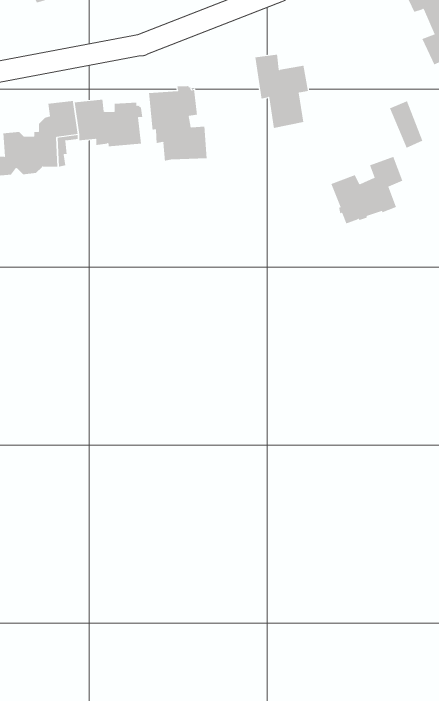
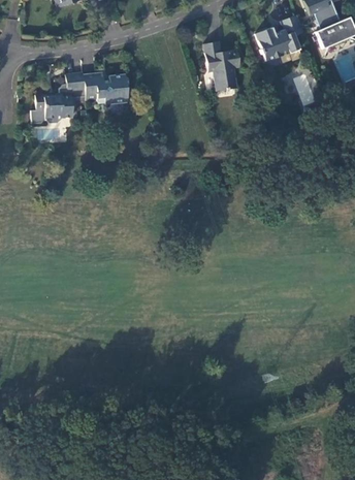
building: [149,85,207,162] -> none
building: [331,156,403,224] -> [255,14,303,60]

